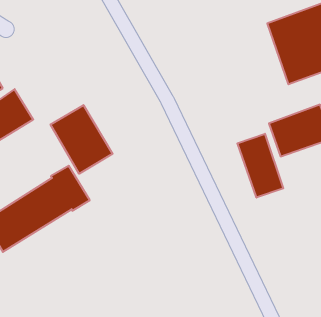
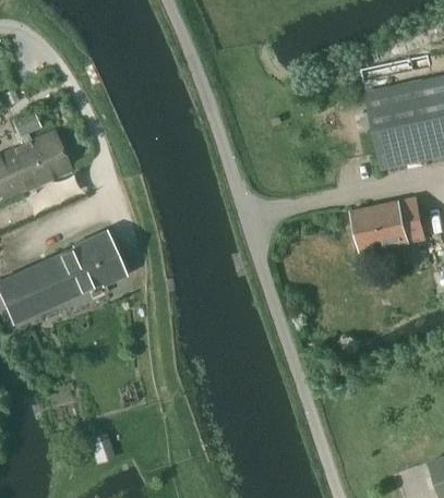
building: [51,105,113,174] -> none
building: [237,134,283,198] -> none

